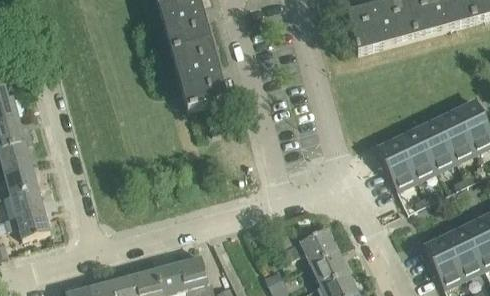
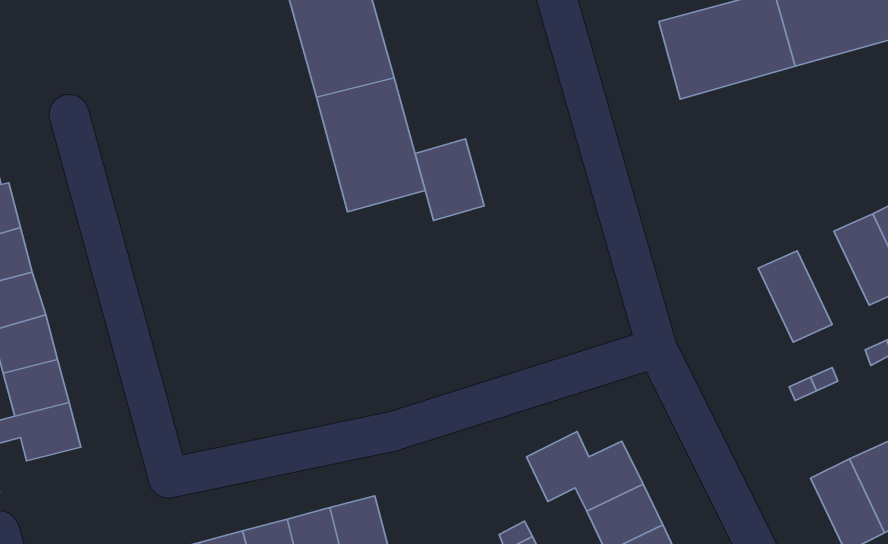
building: none -> [415,139,484,221]
building: [418,120,455,168] -> none
building: [378,139,416,187] -> none

